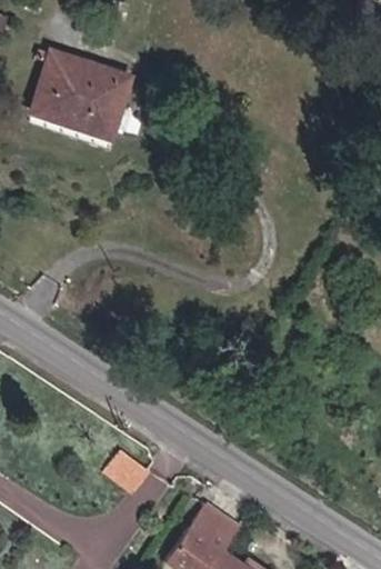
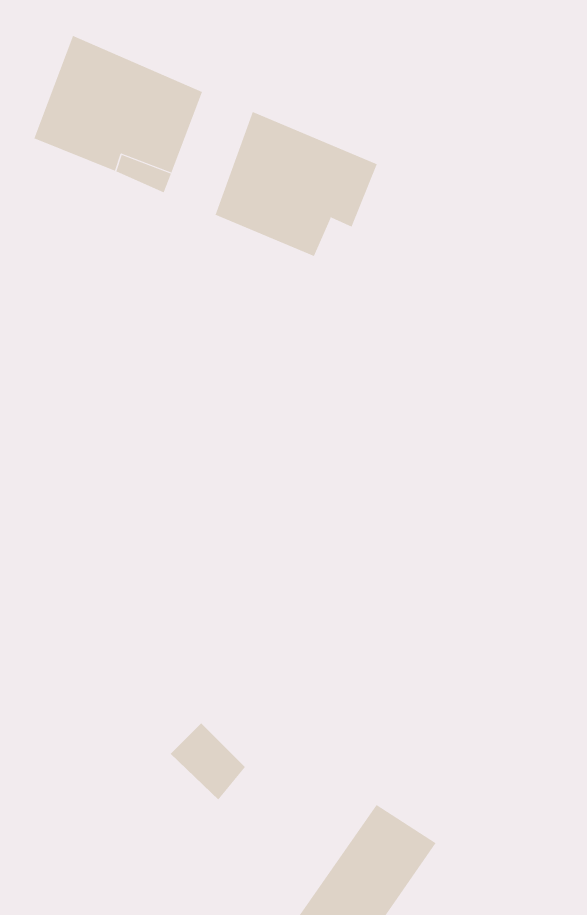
building: none -> [215,111,377,257]

